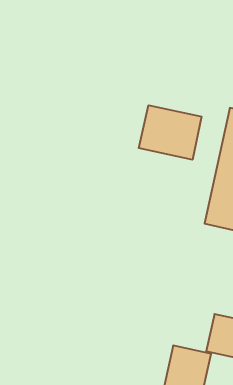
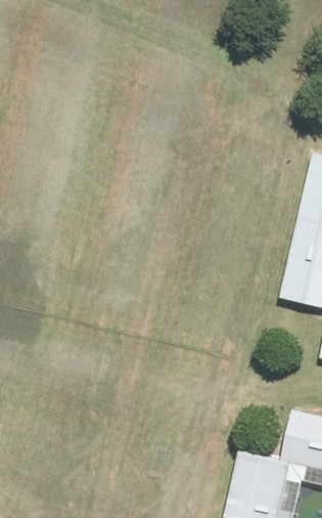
building: [139,105,202,160] -> none

